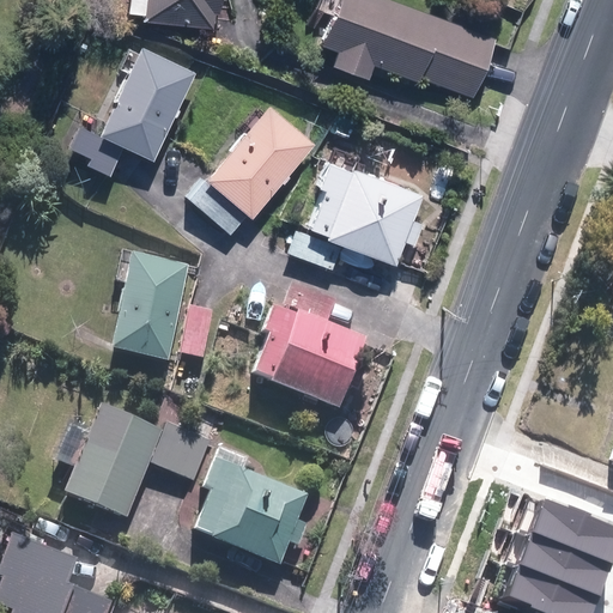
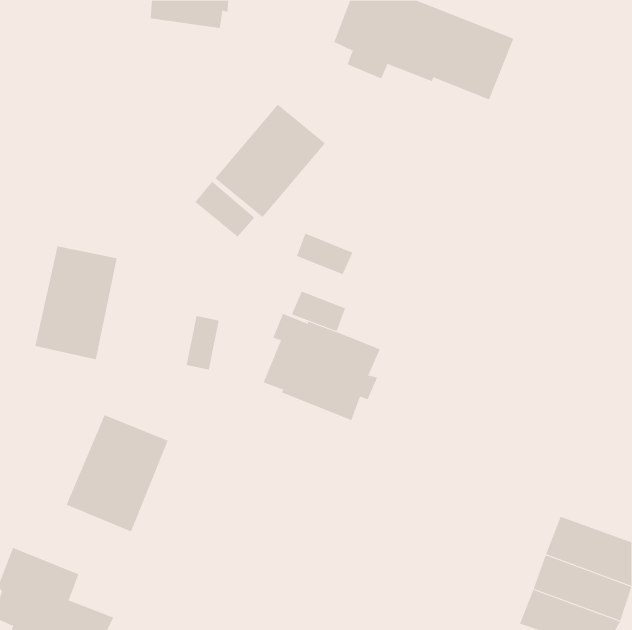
building: [98,43,195,158] -> none
building: [309,158,423,261] -> none
building: [109,253,189,363] -> [35,246,118,360]
building: [151,424,208,481] -> none
building: [194,445,308,565] -> none

